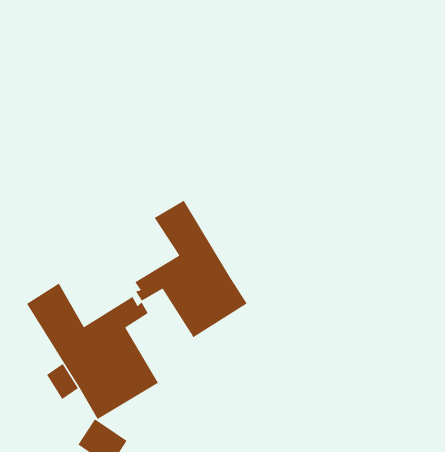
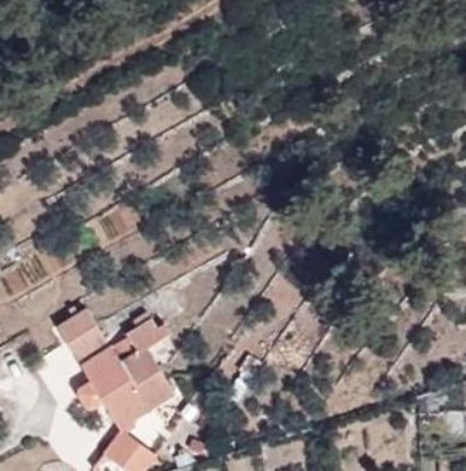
building: [135,200,248,338] -> none

